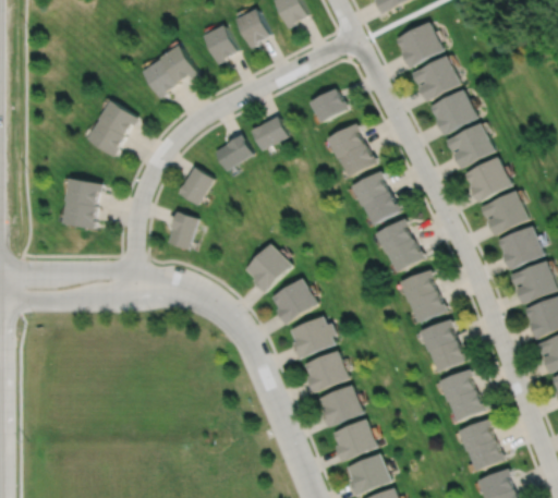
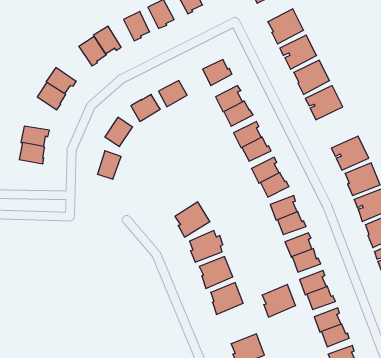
building: [465,156,513,202] -> none
building: [245,243,291,292] -> none
building: [332,420,377,463] -> [262,284,296,317]

